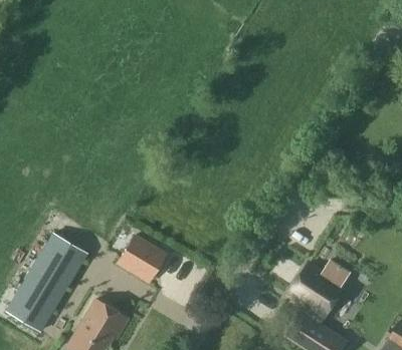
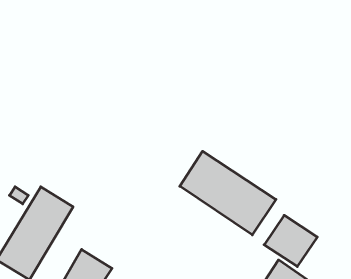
building: none -> [180,151,276,235]
building: [119,238,163,281] -> none

